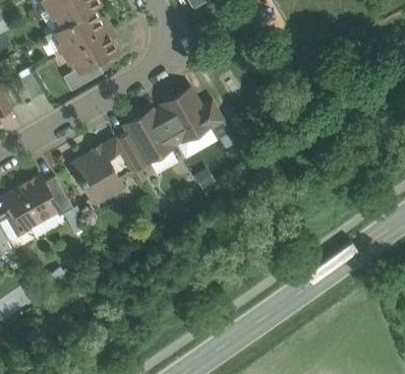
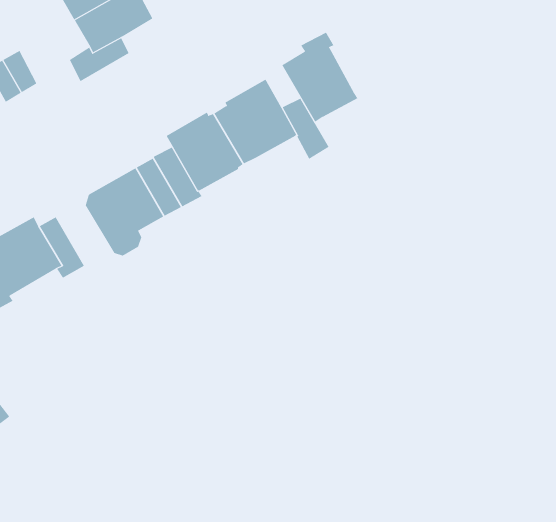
building: none -> [282,32,358,122]

